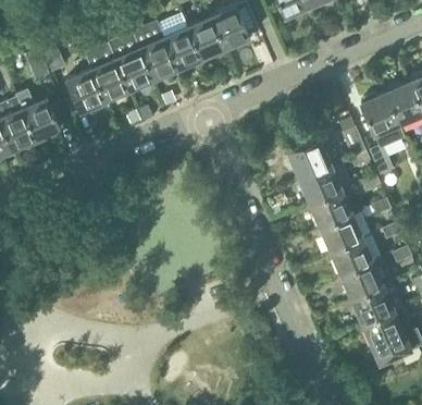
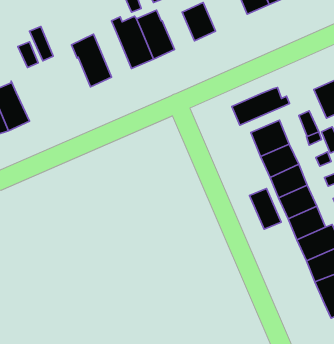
building: [188,17,225,60] -> none
building: [110,33,153,91] -> none
building: [66,69,107,113] -> none
building: [16,90,60,142] -> none
building: none -> [232,87,290,125]
building: none -> [250,188,281,229]

